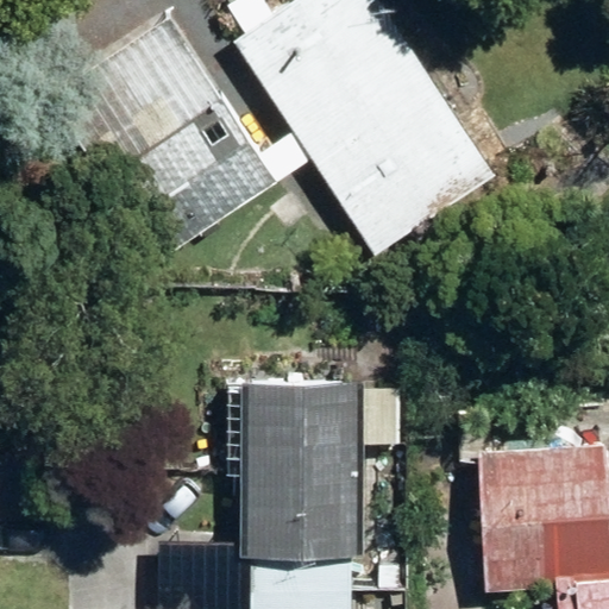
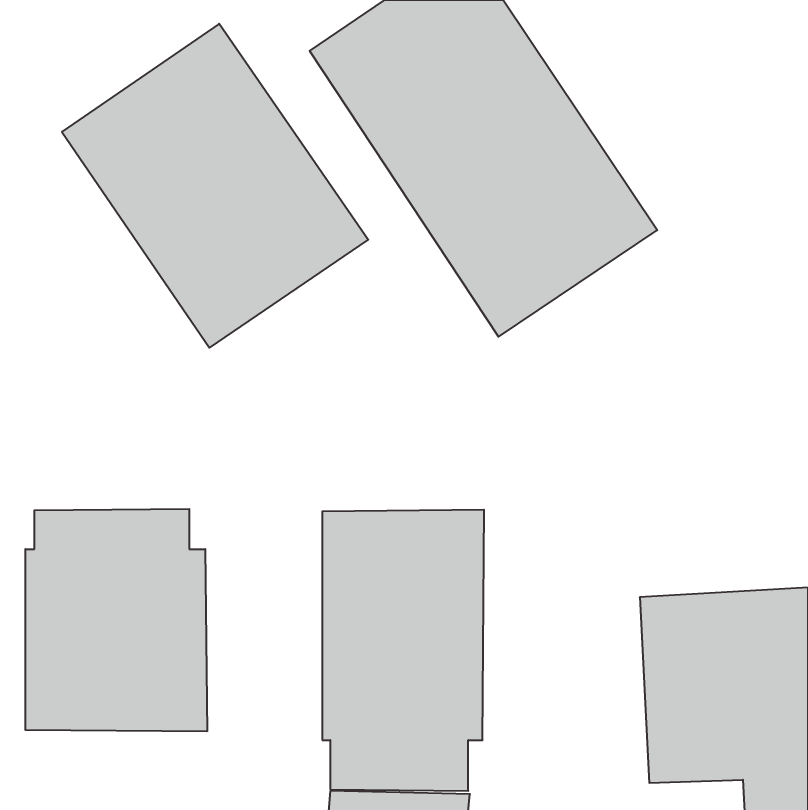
building: none -> [25,509,207,731]

